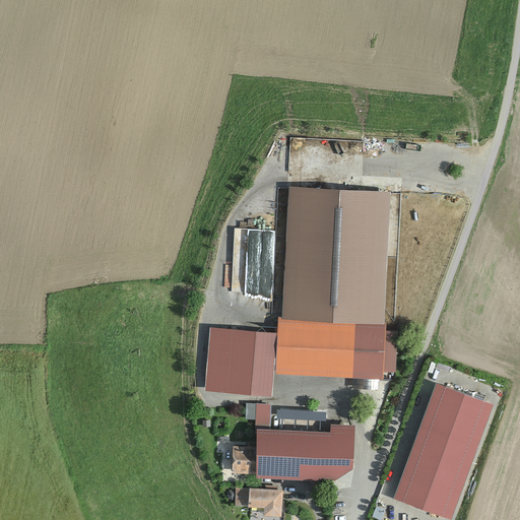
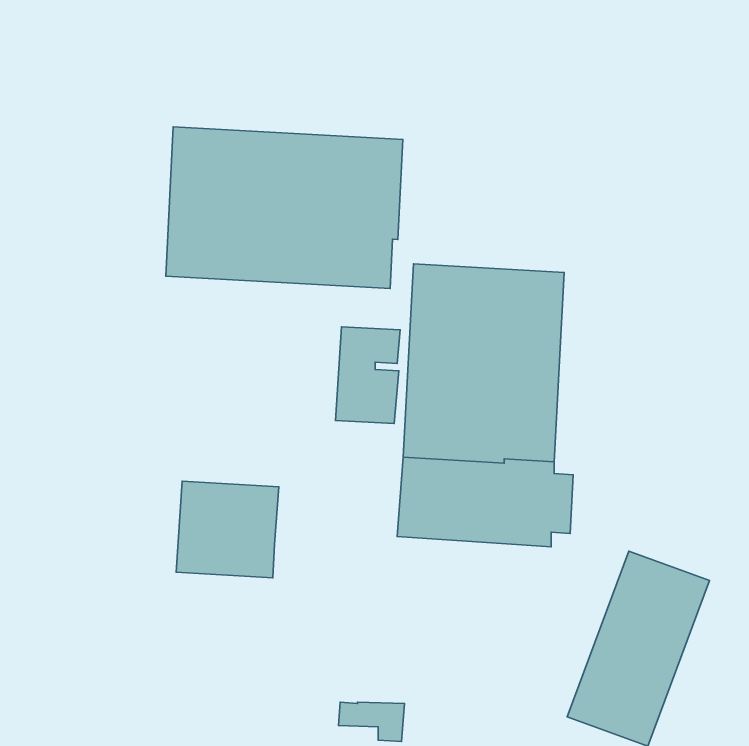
building: none -> [166,127,403,288]
building: [207,330,278,397] -> [176,481,279,578]
building: [235,406,353,480] -> none

